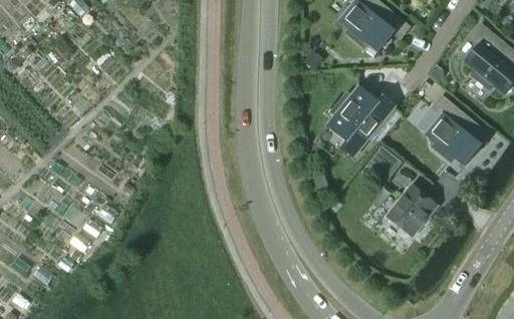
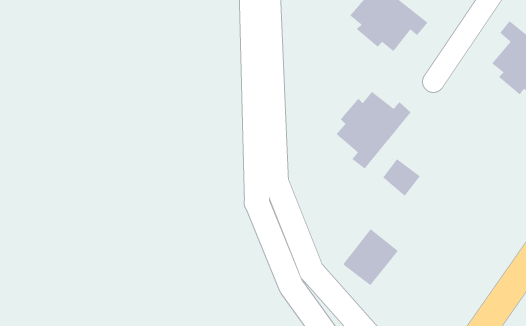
building: [425,94,483,165] -> none
building: [387,184,437,235] -> [342,228,399,286]

